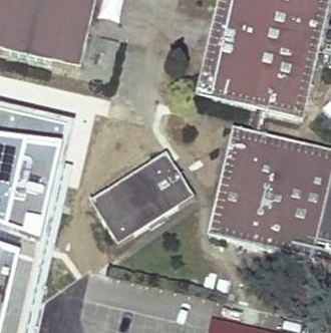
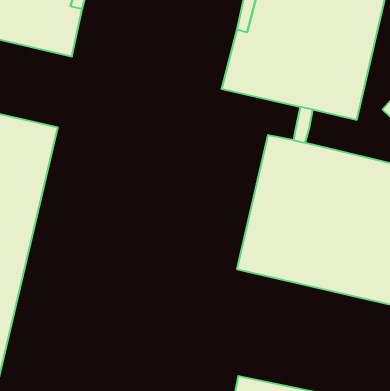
building: [89,149,194,243] -> none

